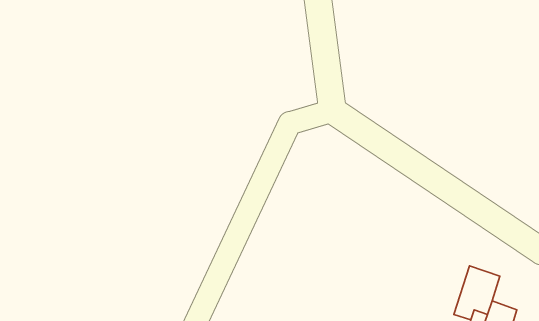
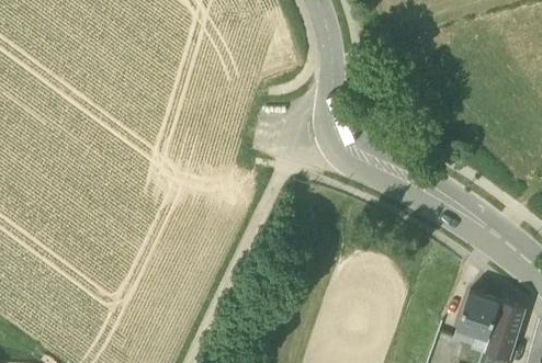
building: none -> [493,299,524,332]

